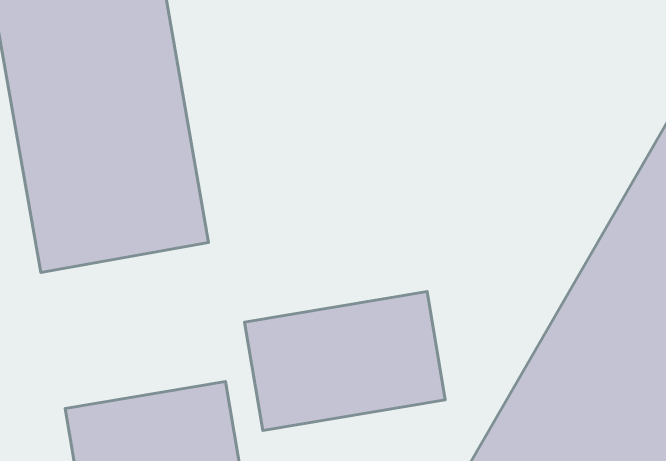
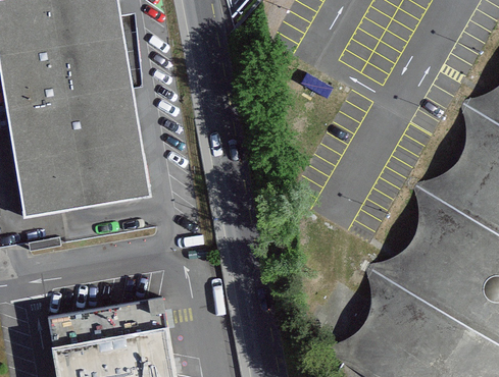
building: [245,291,445,431] -> none

